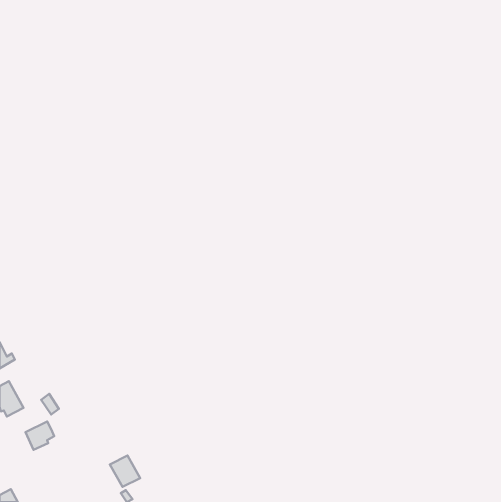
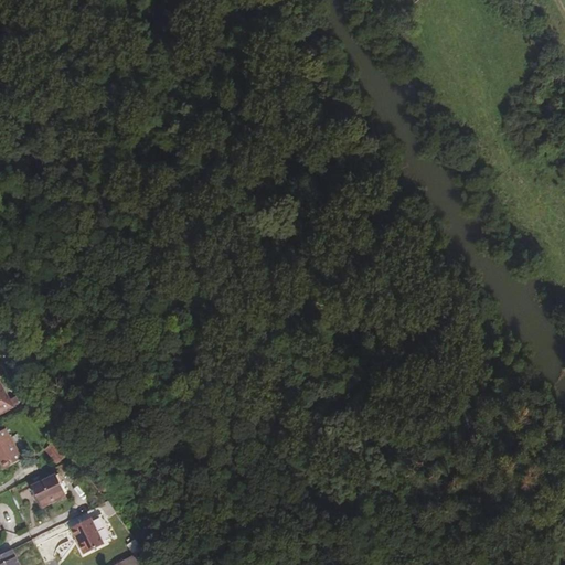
building: [110,456,140,487] -> [70,518,104,553]

